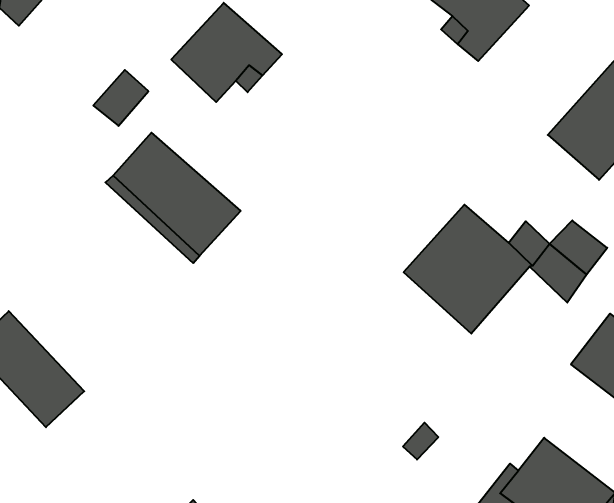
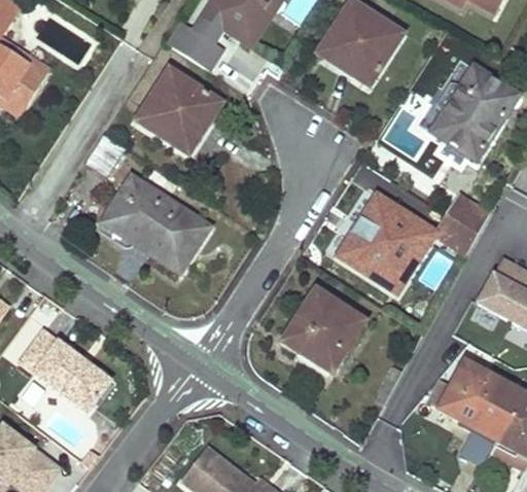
building: none -> [283,289,363,372]

